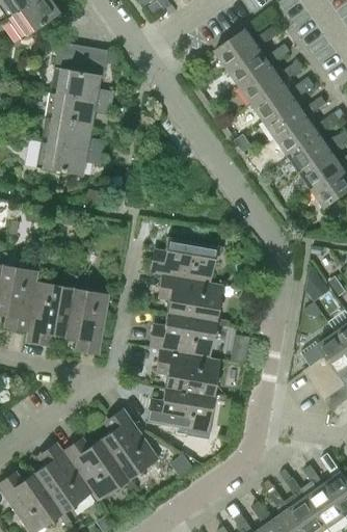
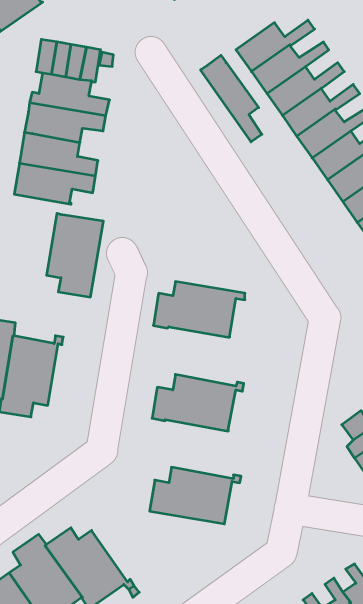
building: none -> [201,55,262,142]
building: [155,274,220,322] -> none
building: [62,288,108,355] -> [47,213,103,297]
building: [153,349,218,397] -> none
building: [98,407,157,480] -> none

